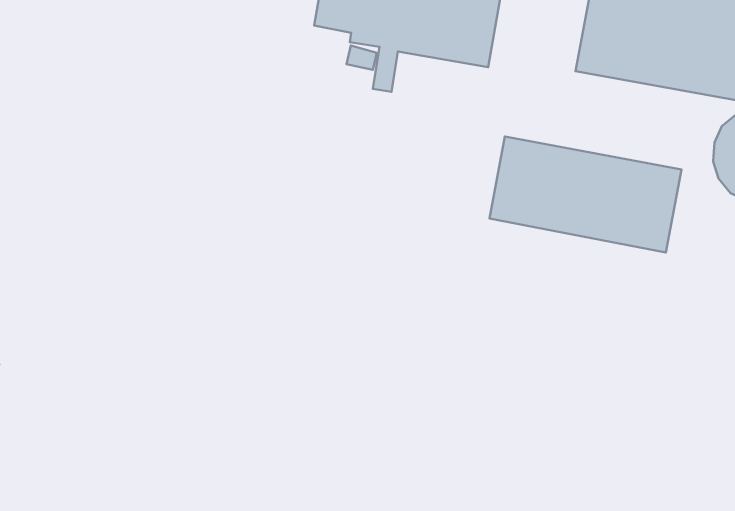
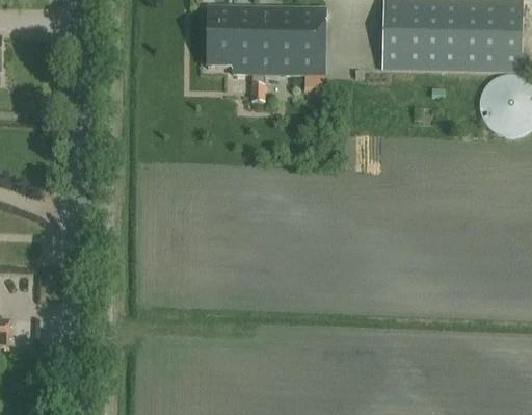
building: [490,136,682,253] -> none

